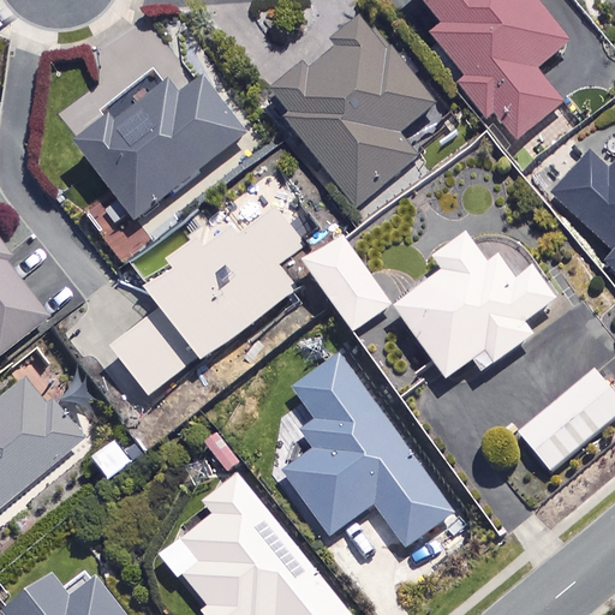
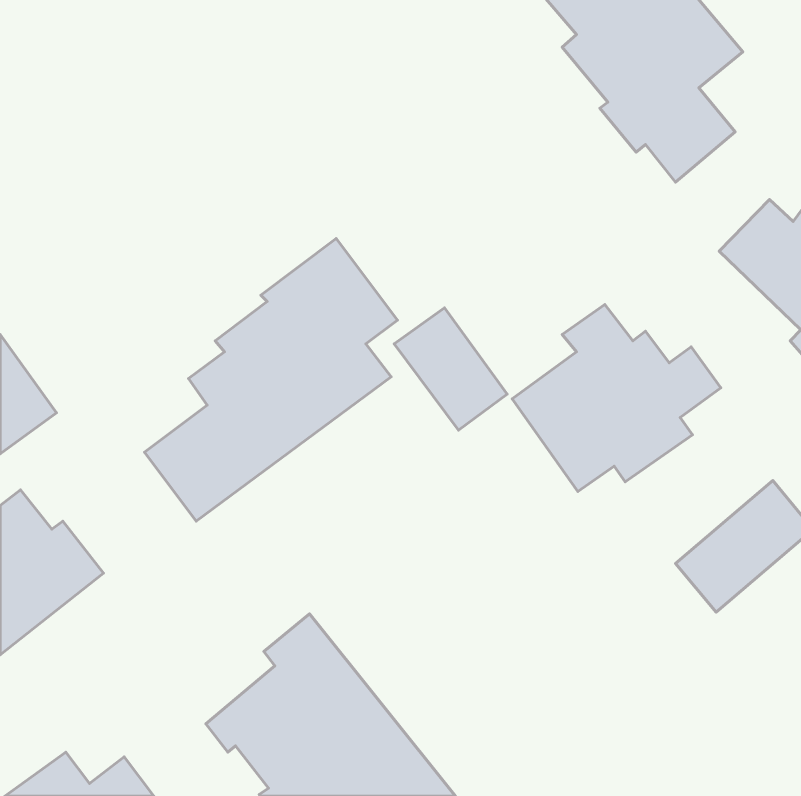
building: [270,18,432,208] -> none
building: [76,73,245,219] -> none
building: [282,352,455,547] -> none

